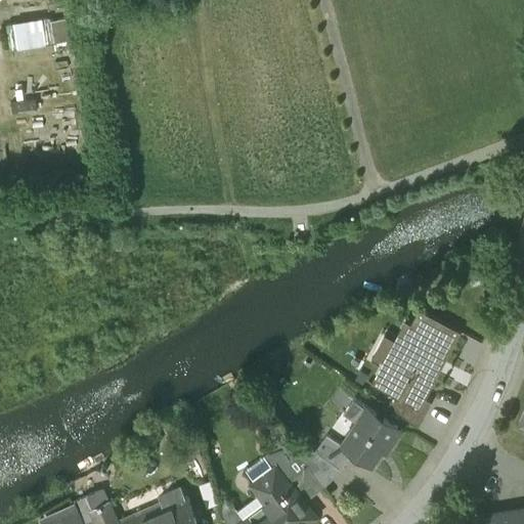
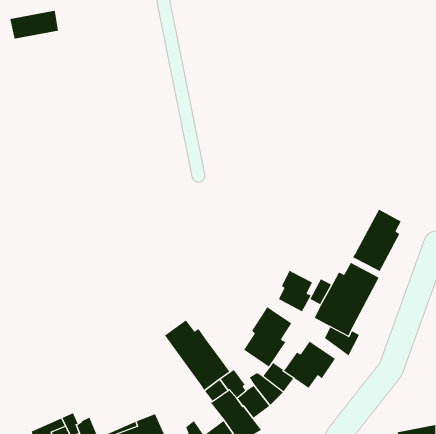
building: none -> [352,209,401,272]
building: none -> [271,270,314,312]
building: none -> [236,306,294,367]
building: none -> [164,320,230,391]

